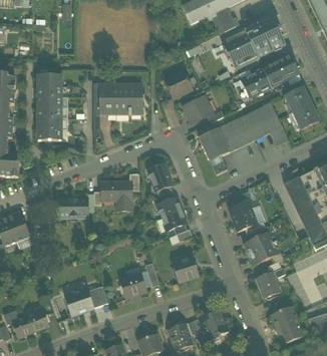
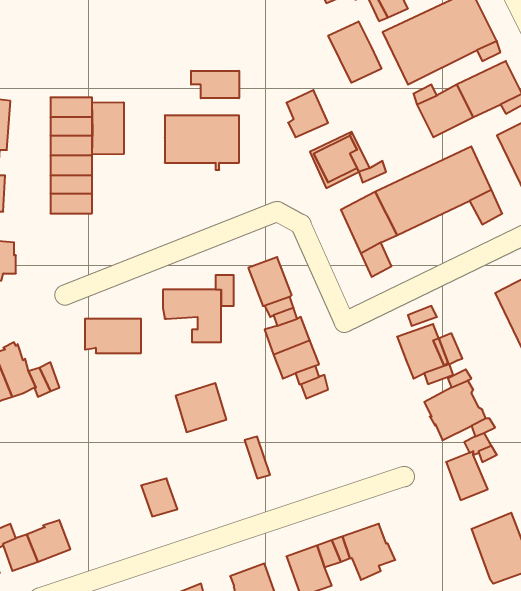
building: none -> [328,21,381,83]
building: none -> [191,71,239,98]
building: none -> [92,102,124,154]
building: [172,256,199,281] -> none
building: [118,271,146,298] -> [176,383,226,432]
building: [63,286,93,316] -> none

